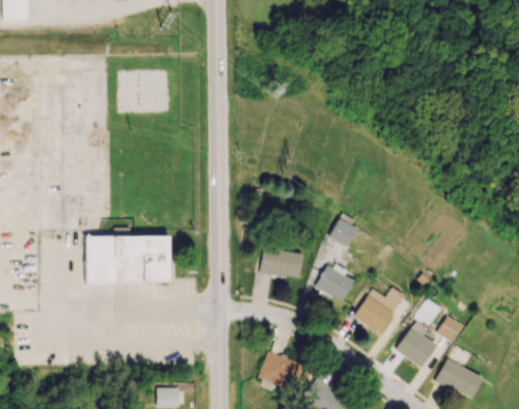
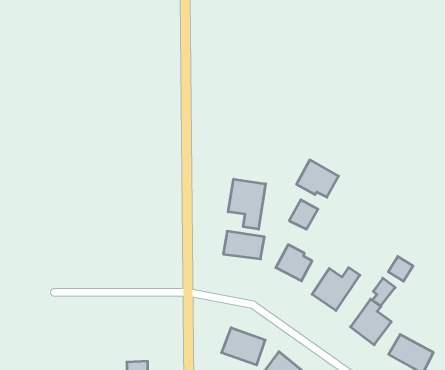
building: none -> [297,160,339,197]
building: none -> [228,179,266,229]
building: [84,233,169,285] -> none
building: [436,316,462,342] -> [388,256,413,281]

